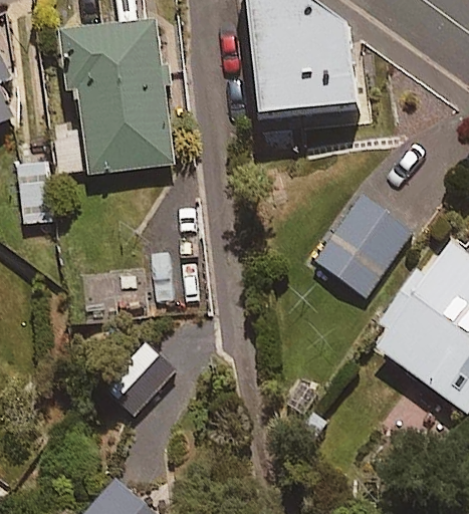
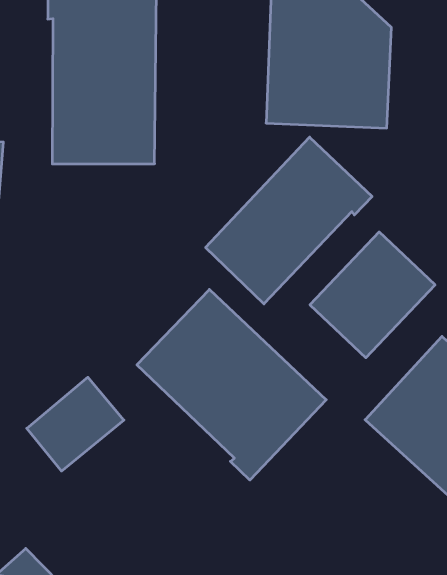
building: none -> [206,137,372,304]
building: none -> [137,289,326,480]

